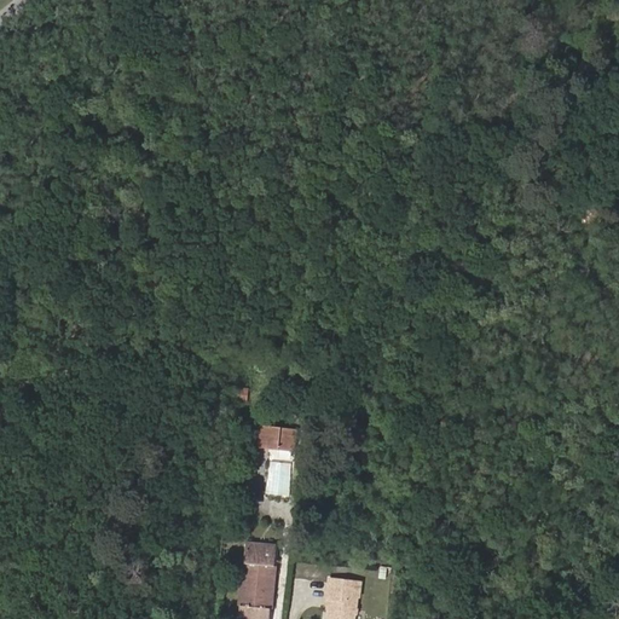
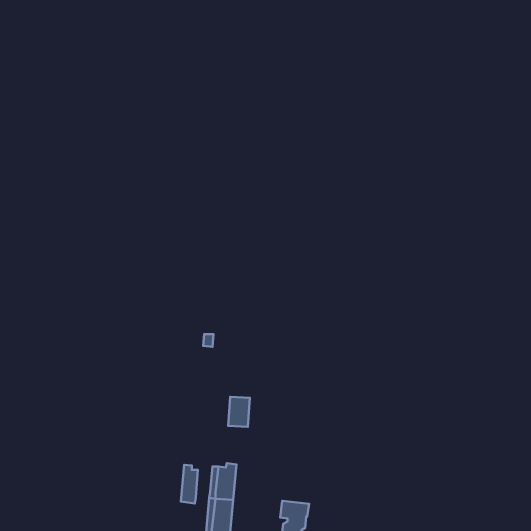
building: [253,424,296,447] -> none
building: none -> [181,465,198,503]

